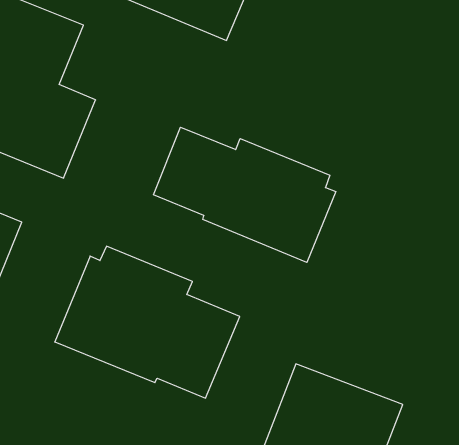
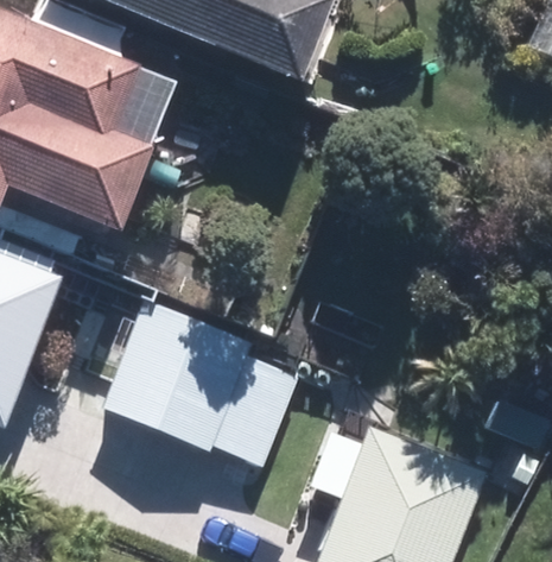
building: [153,127,336,262] -> none

